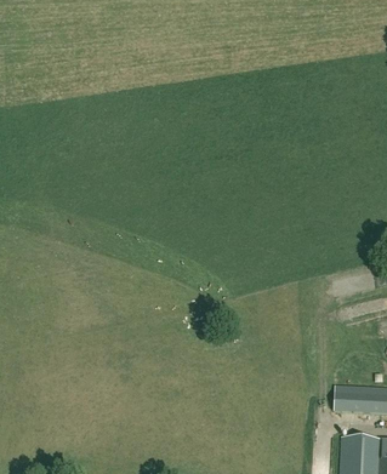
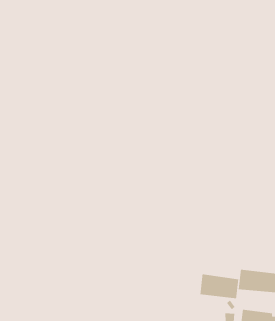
building: none -> [200,274,239,299]

